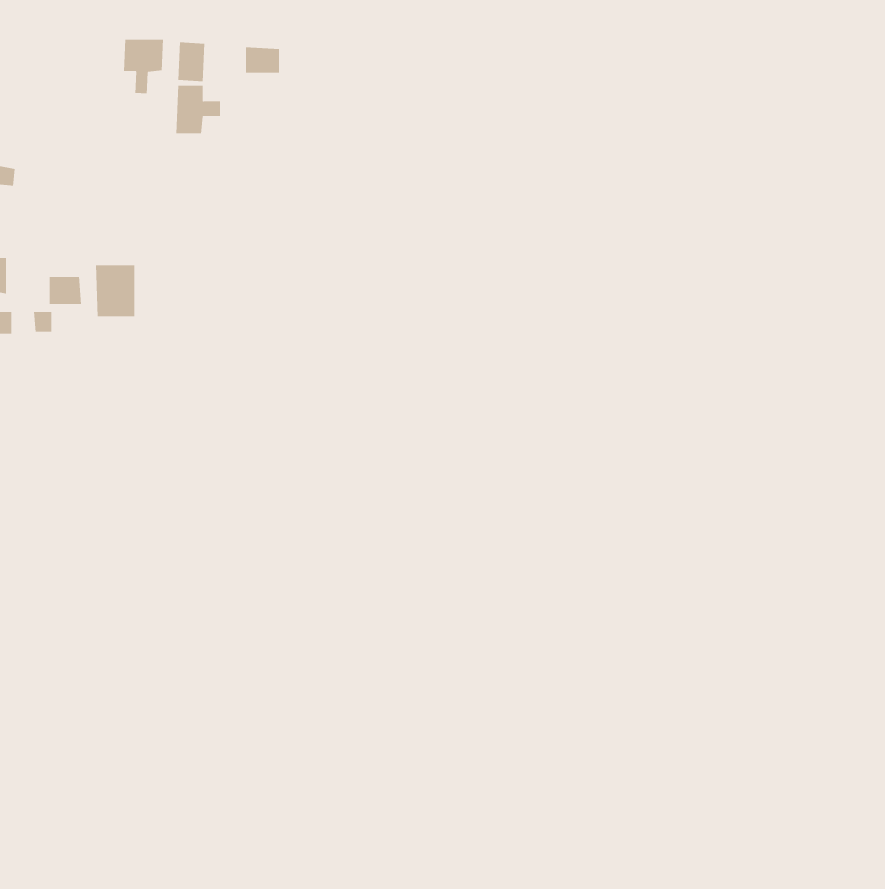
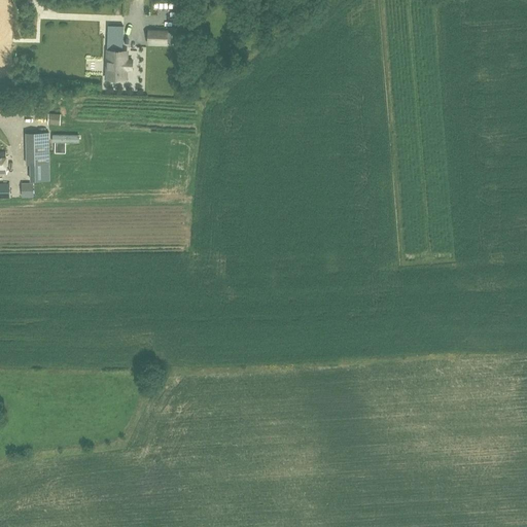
building: [123,39,164,94] -> none
building: [95,265,135,317] -> [24,133,47,164]

